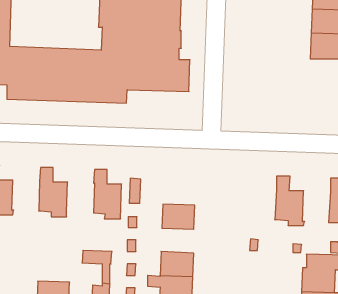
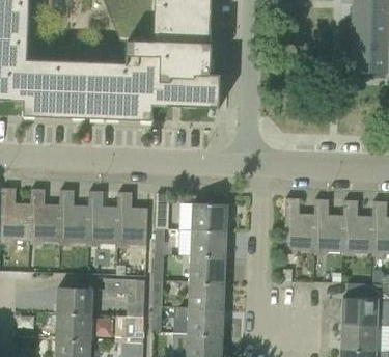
building: none -> [29,189,60,242]
building: none -> [88,191,118,244]
building: none -> [283,198,314,251]
building: none -> [342,200,372,253]
building: none -> [192,202,227,230]
building: none -> [190,255,225,282]
building: none -> [57,287,92,313]

